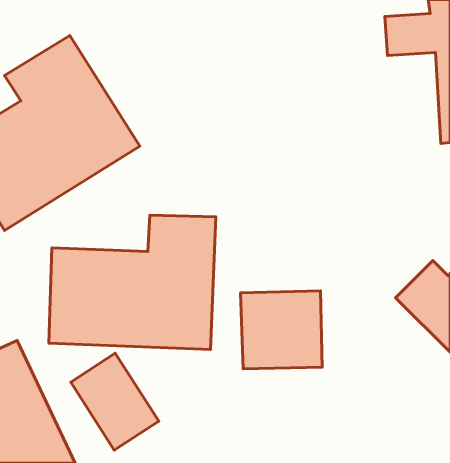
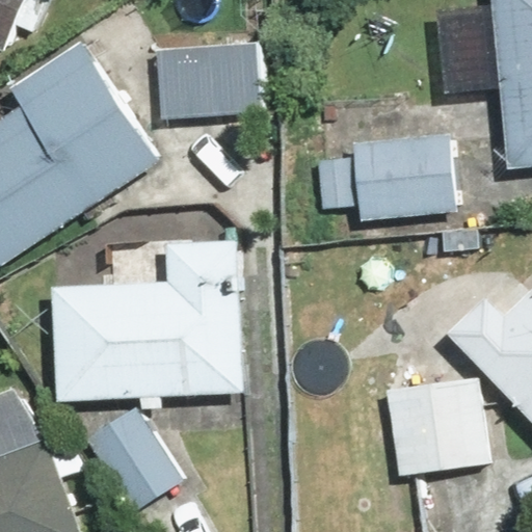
building: none -> [152,41,260,116]
building: none -> [347,127,459,224]
building: [241,291,322,369] -> [387,381,480,471]

